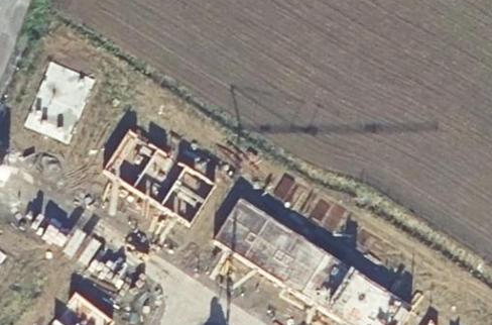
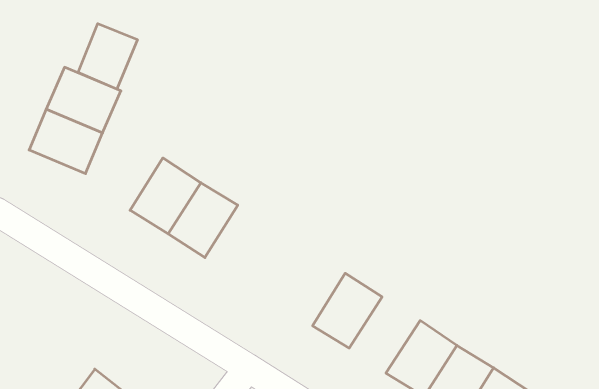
building: none -> [78,24,137,89]
building: [161,166,216,224] -> none
building: [213,200,269,258] -> none
building: [272,236,327,295] -> none

